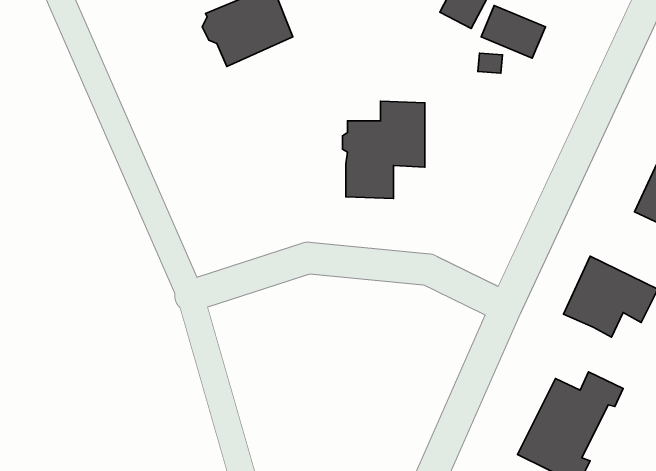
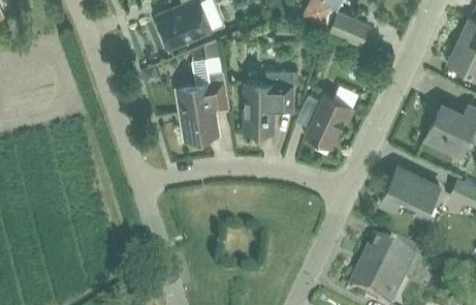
building: none -> [177,58,229,140]
building: none -> [295,94,357,149]

